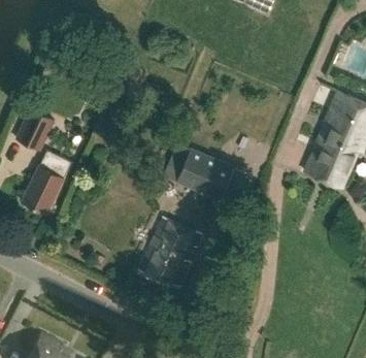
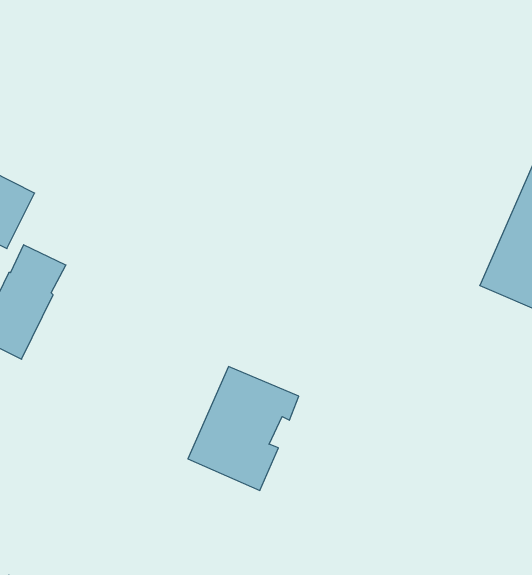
building: [169,145,240,203] -> none

